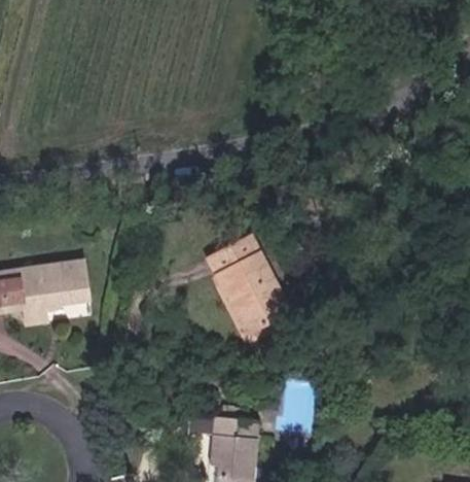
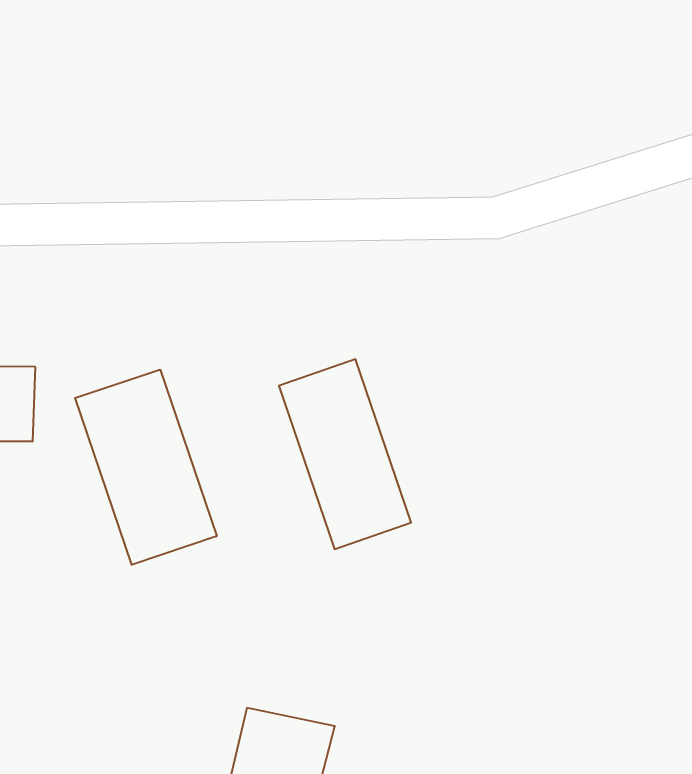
building: none -> [75,370,217,565]

